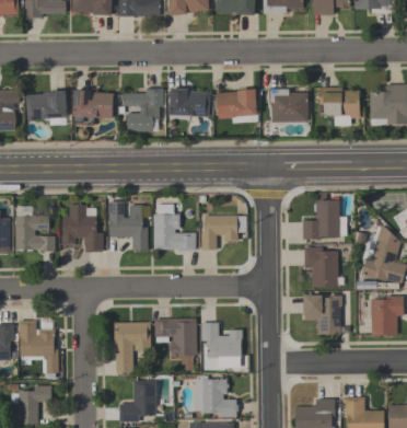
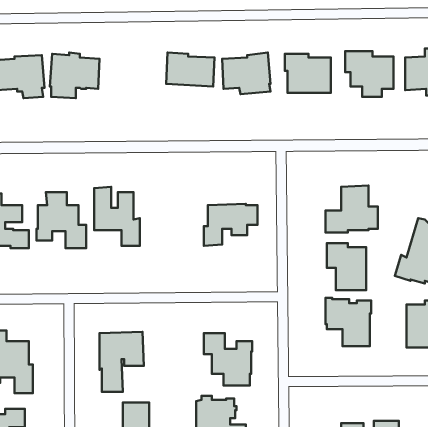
building: [123,88,163,131] -> none
building: [153,204,196,251] -> none
building: [154,319,197,371] -> none

